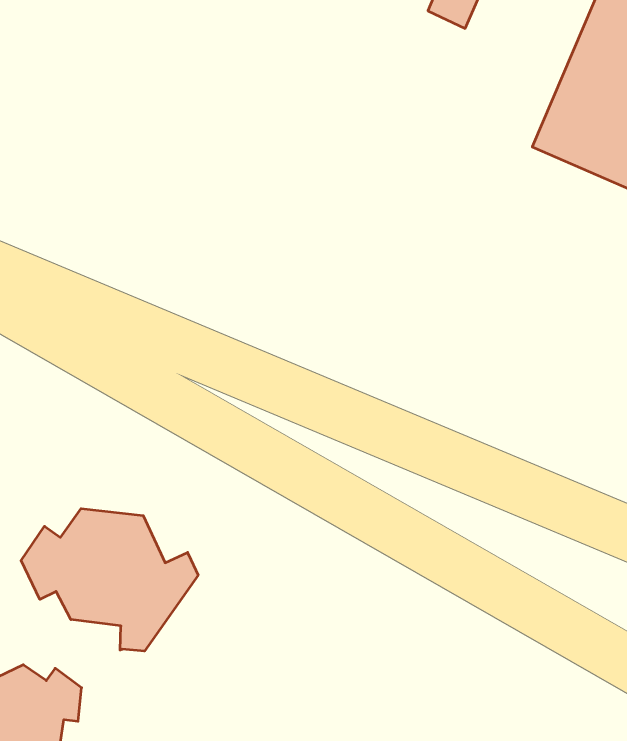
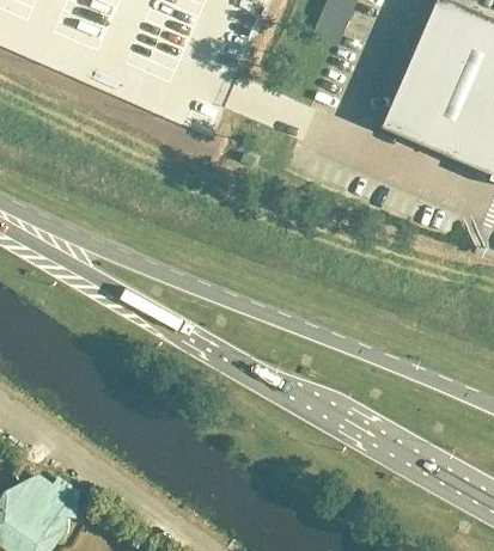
building: [21,509,198,651] -> none

